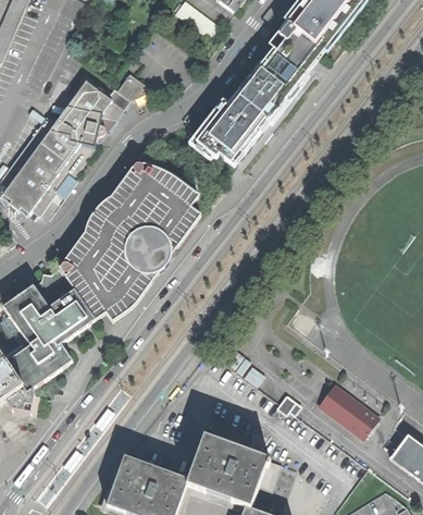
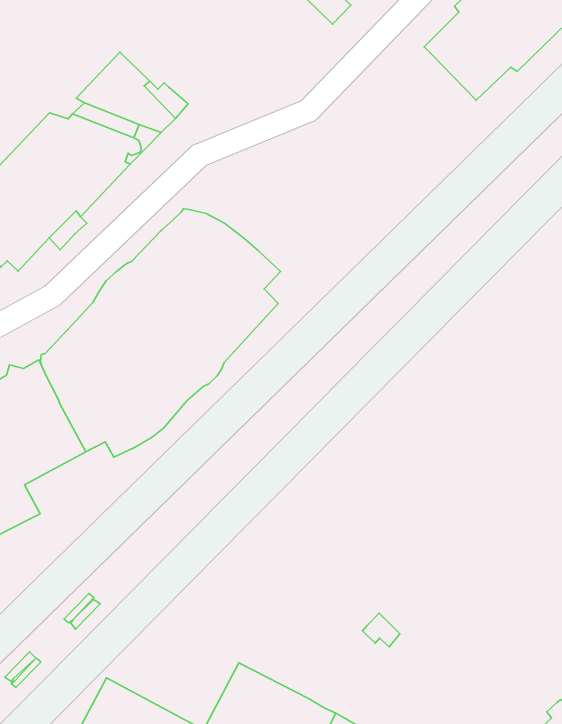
building: [187,49,308,165] -> none
building: [115,72,150,99] -> none
building: [316,382,376,438] -> none

